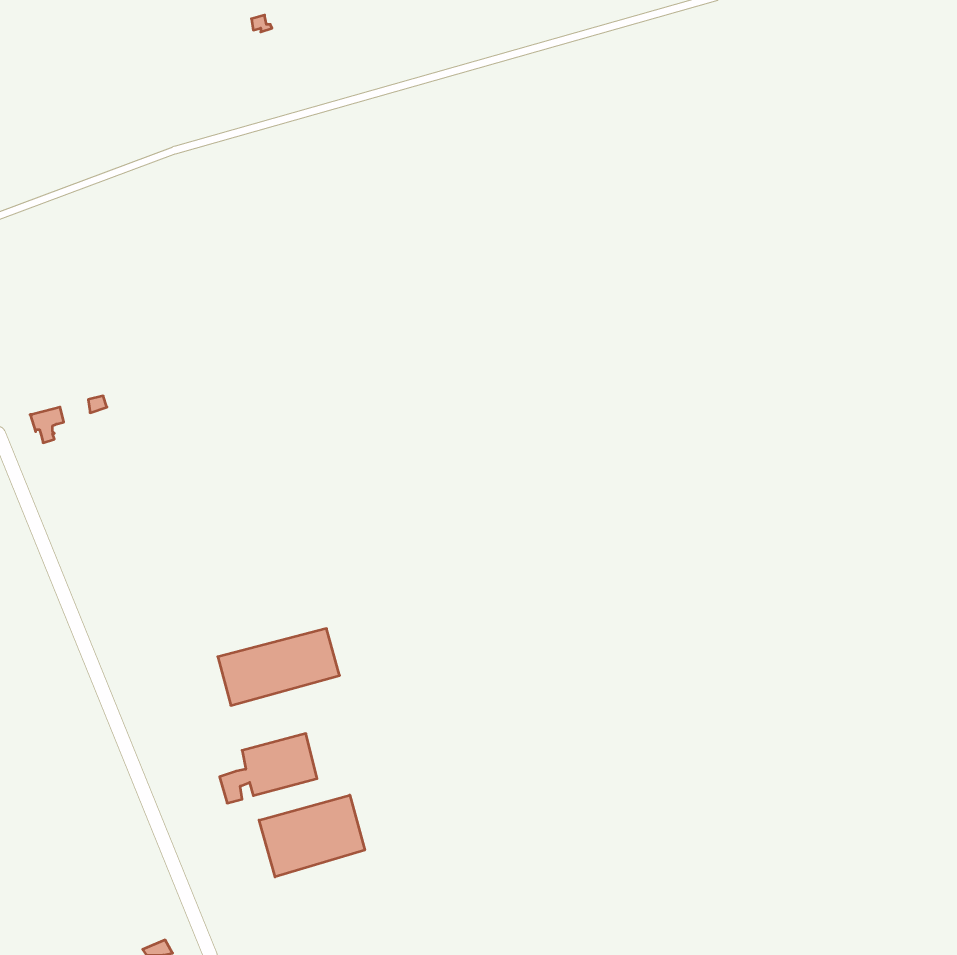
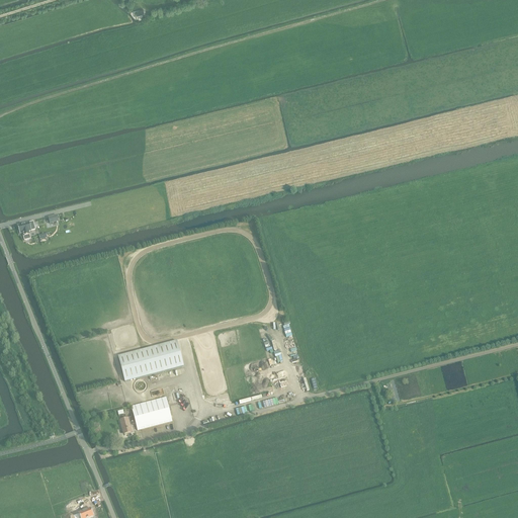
building: [259,795,365,877] -> none

